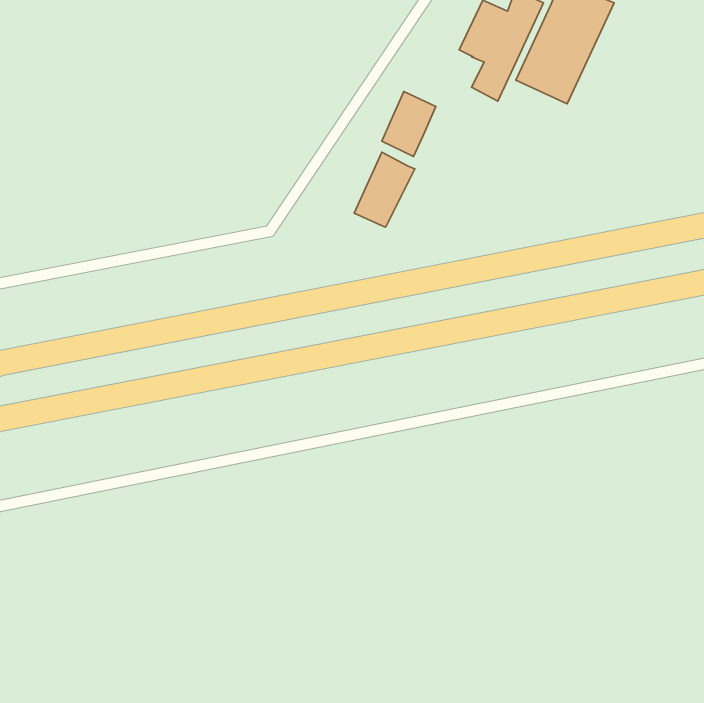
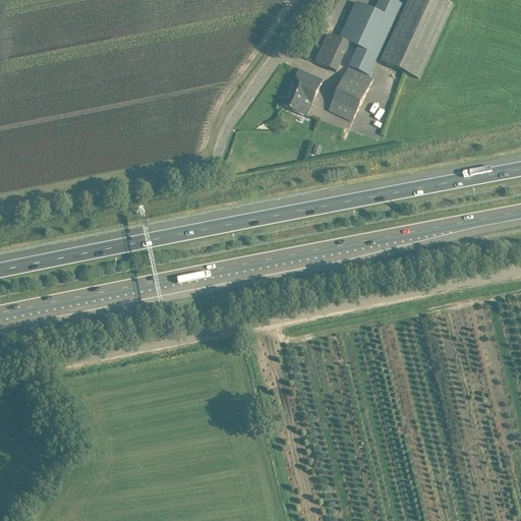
building: none -> [313,32,348,70]
building: [354,152,415,227] -> [327,64,371,119]

